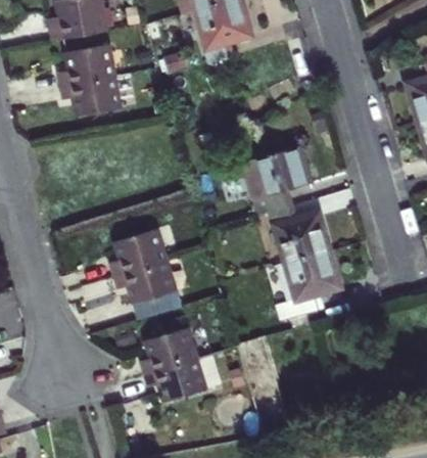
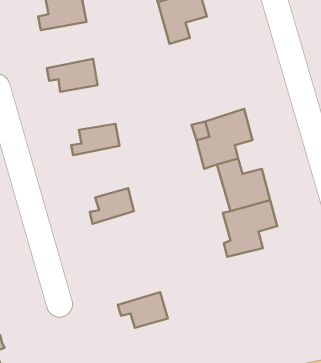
building: [56,50,114,88] -> [71,124,120,155]
building: [113,261,175,323] -> none
building: [141,331,195,374] -> none

